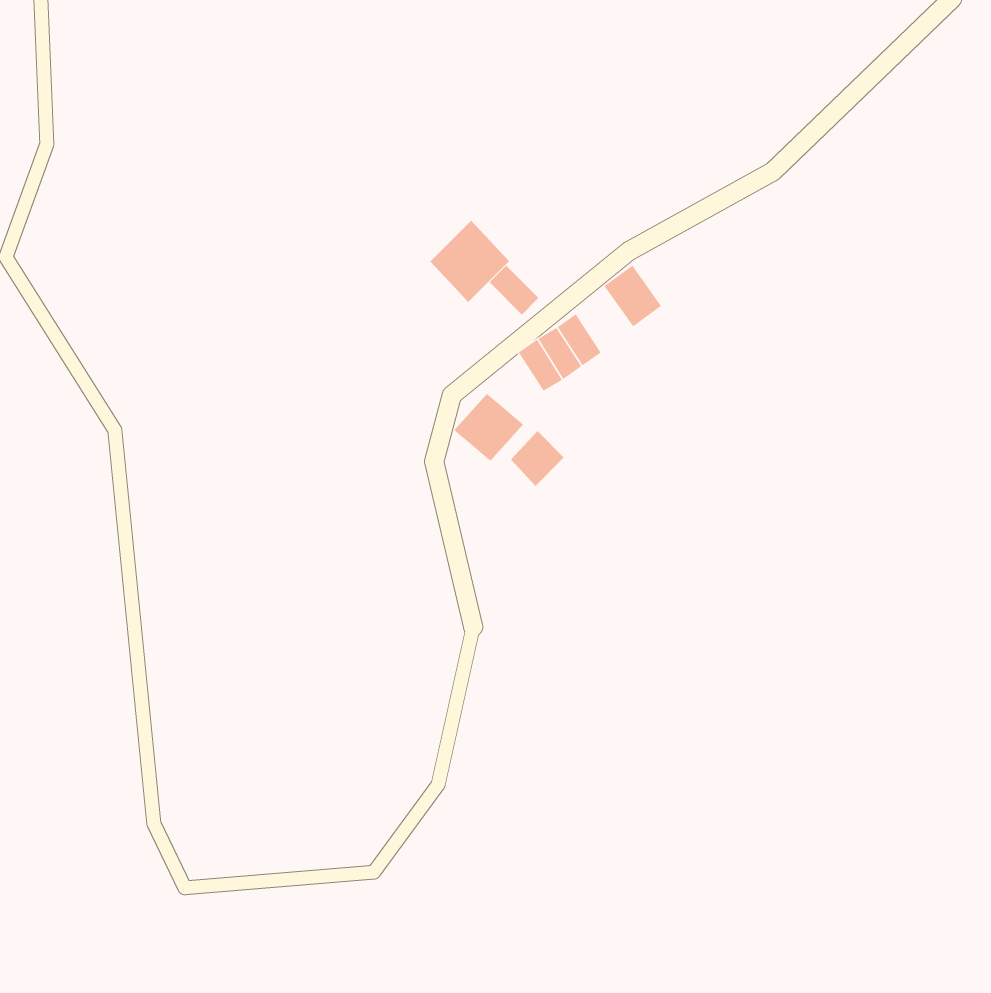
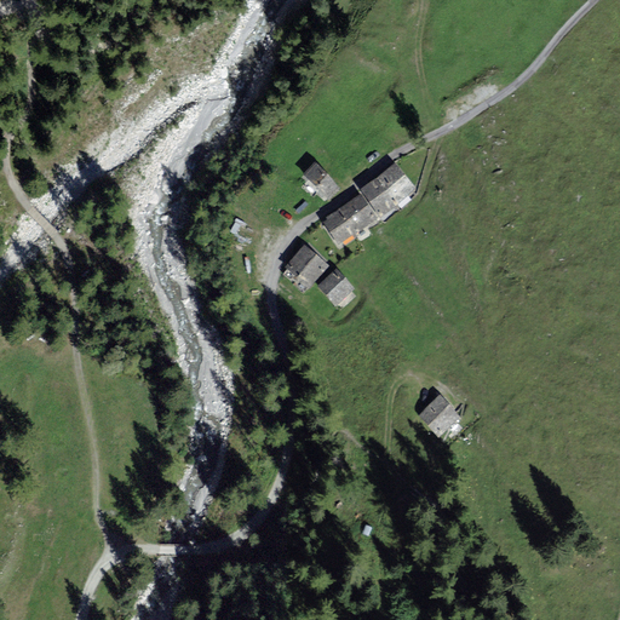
building: [430,220,510,303] -> none
building: none -> [361,178,394,213]
building: none -> [420,396,458,434]

